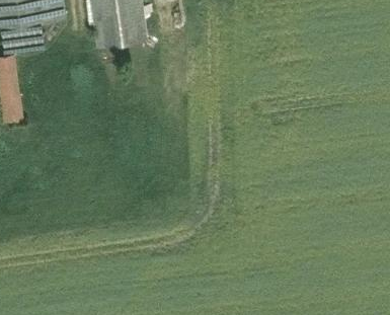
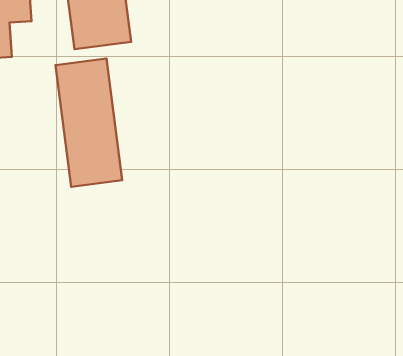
building: none -> [55,59,122,187]

